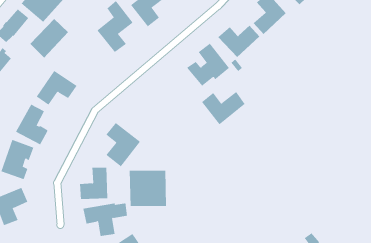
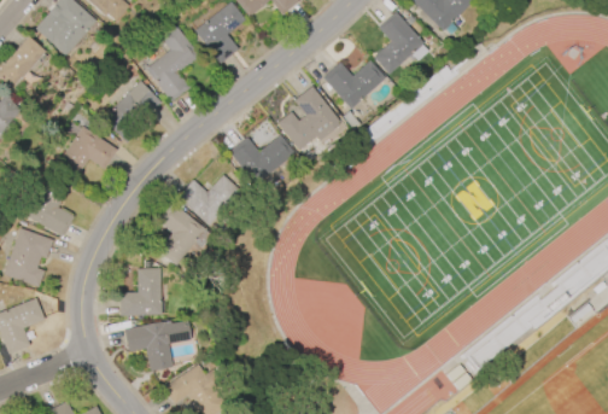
building: [29,18,69,58] -> [103,81,160,140]
building: [201,91,245,125] -> [228,135,293,185]
building: none -> [177,175,240,226]
building: [129,170,167,207] -> none

